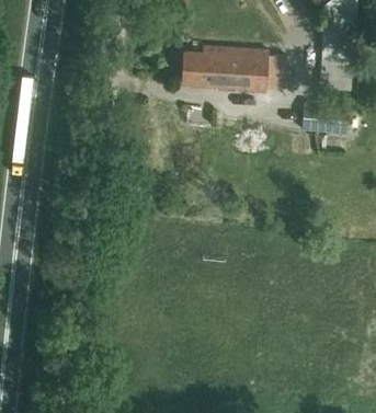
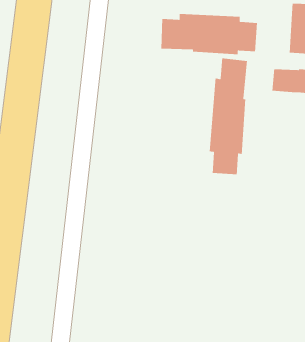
building: none -> [209,57,248,175]

